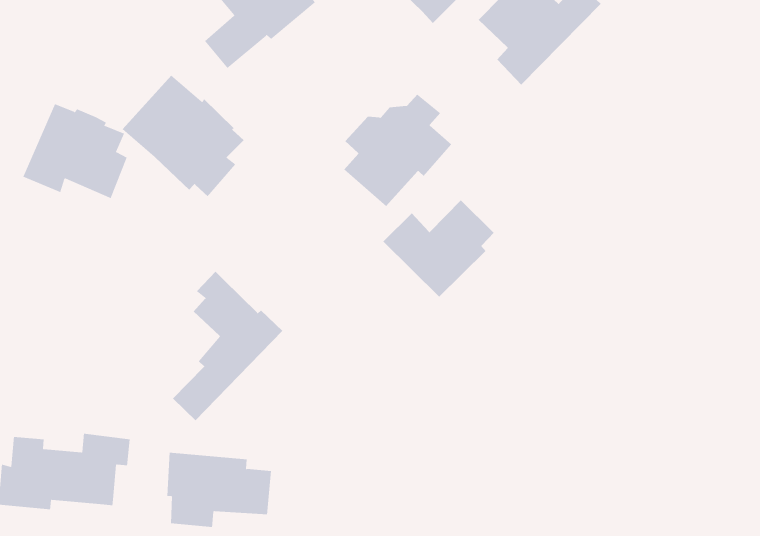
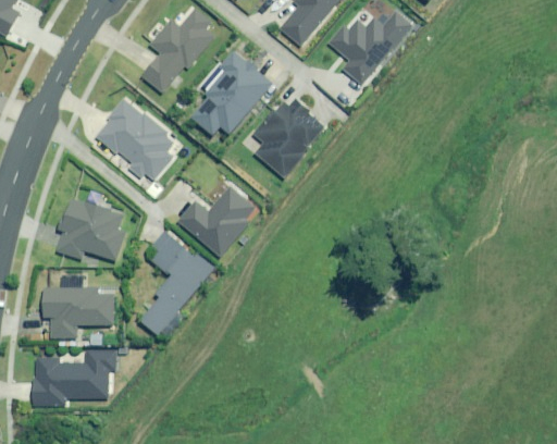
building: none -> [193,51,272,135]
building: [23,103,128,199] -> [54,199,125,261]
building: [382,200,494,298] -> [177,187,253,256]
building: [166,452,272,527] -> [45,288,116,337]

